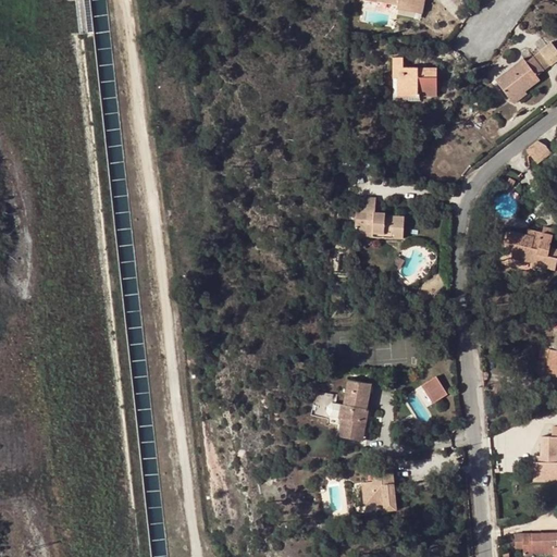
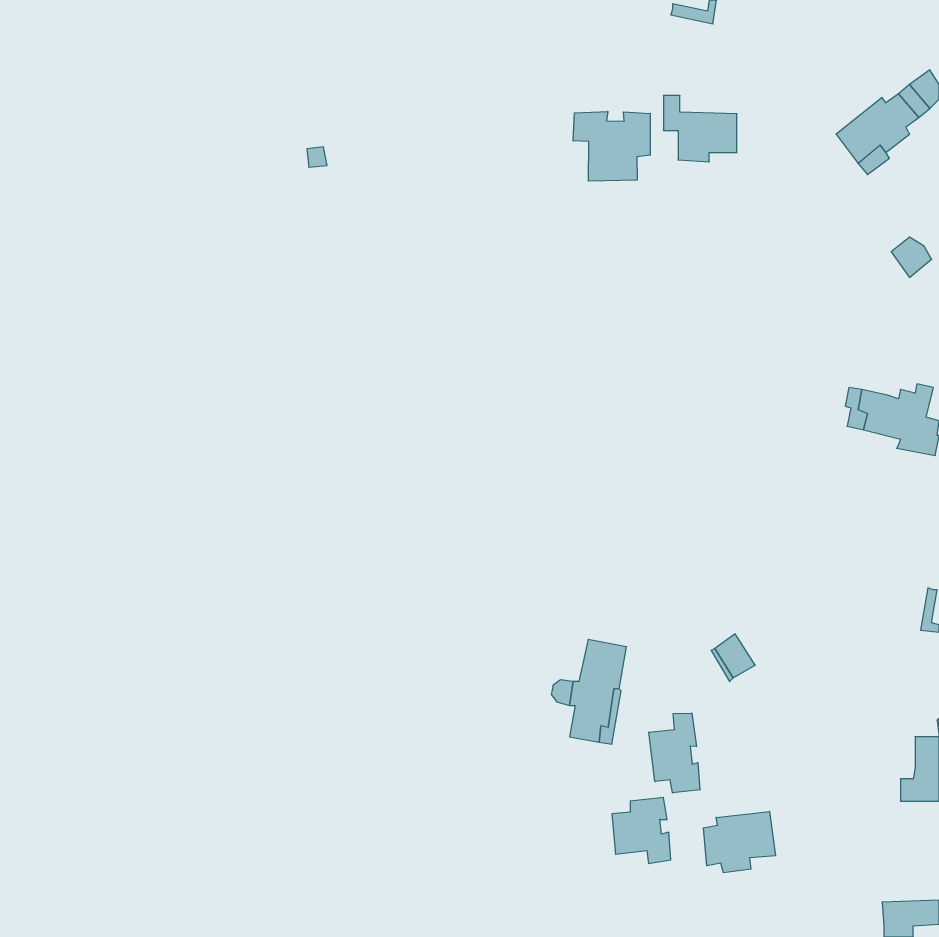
building: none -> [573,111,650,181]
building: [355,197,403,239] -> none
building: none -> [649,713,700,793]
building: none -> [703,811,775,873]

